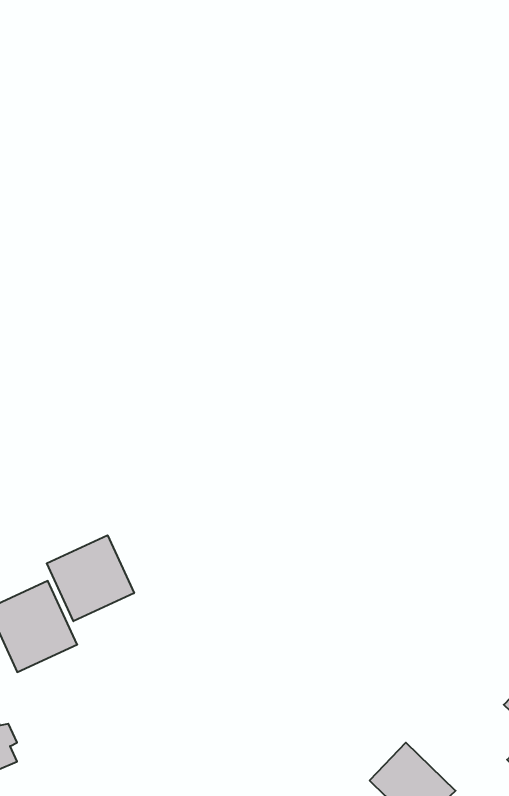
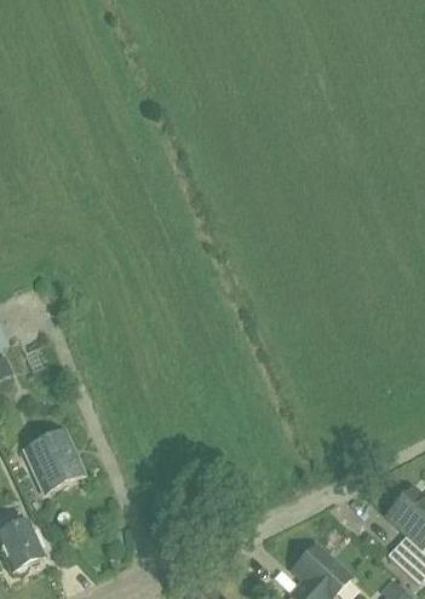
building: [47,535,134,621] -> none

